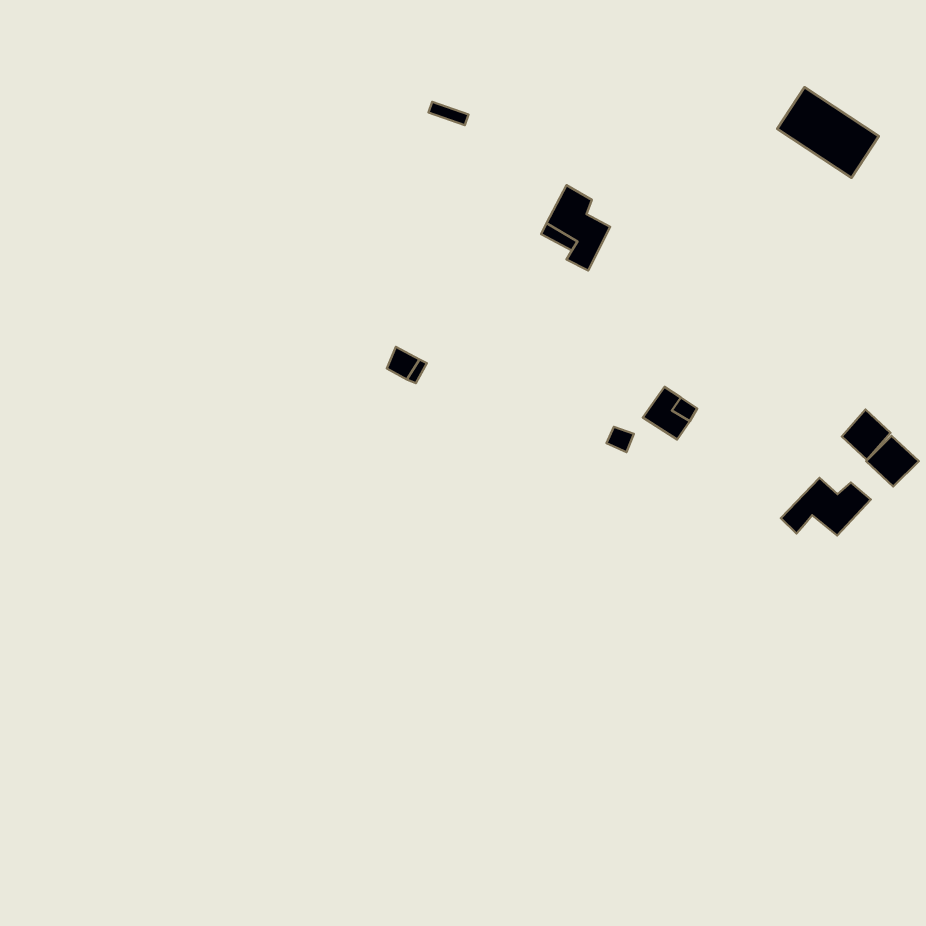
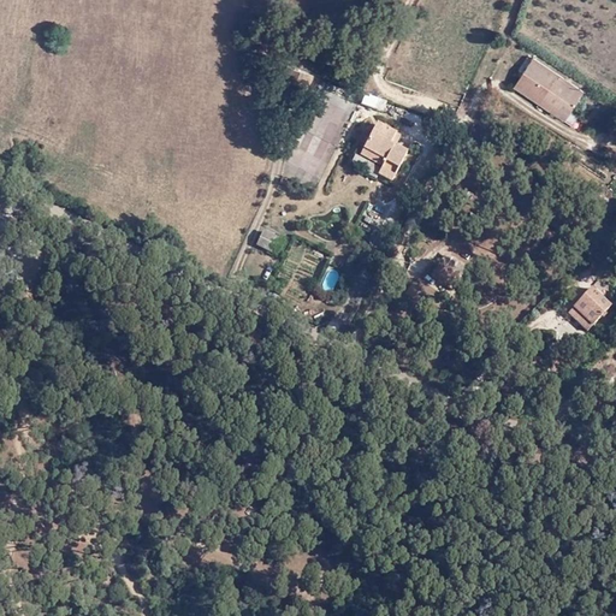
building: [842,410,891,460] -> none
building: [781,478,871,536] -> none

